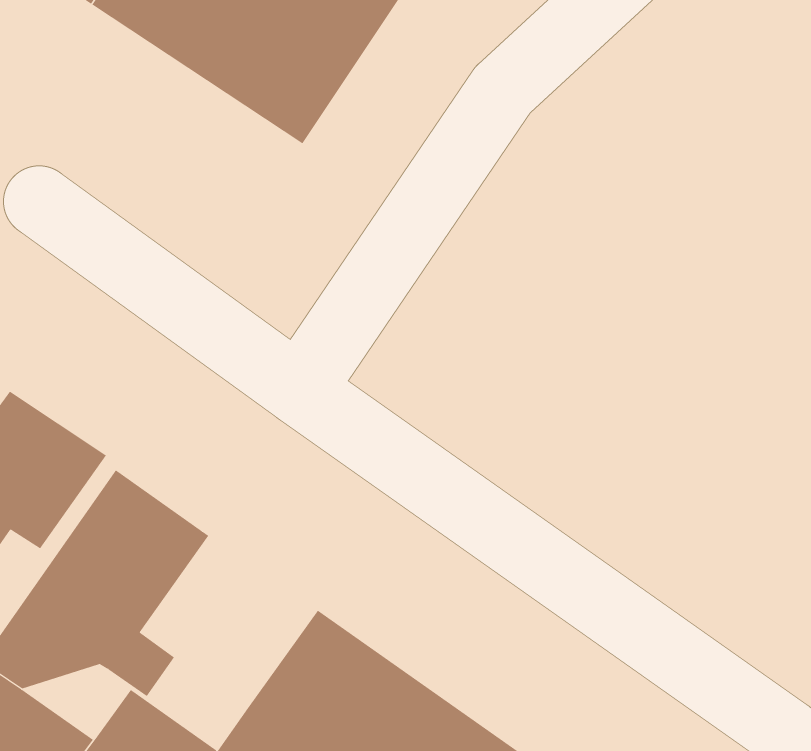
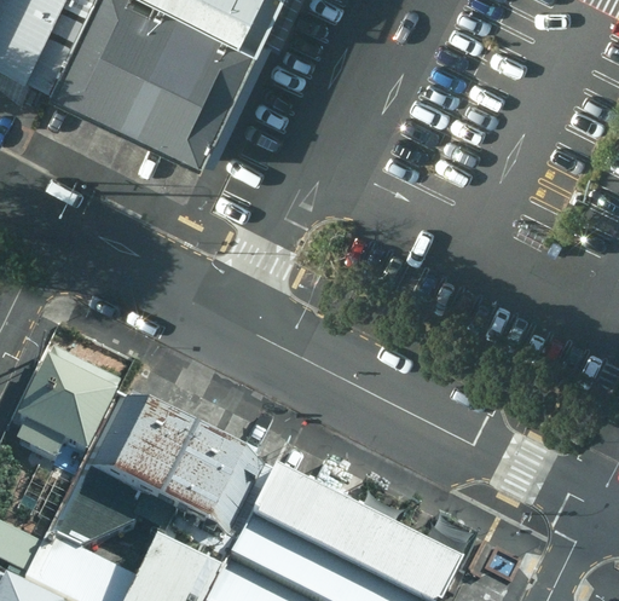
building: none -> [156,426,272,537]

